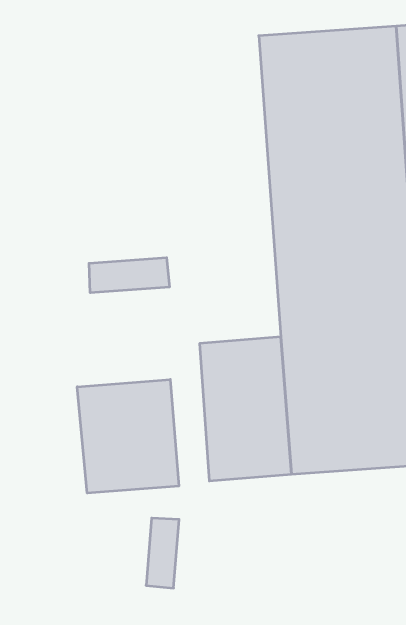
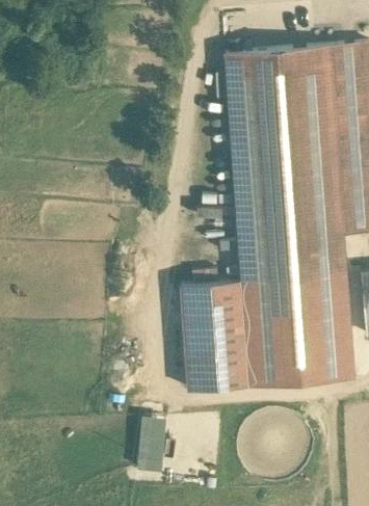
building: [89,258,169,293] -> none
building: [77,379,179,493] -> none

